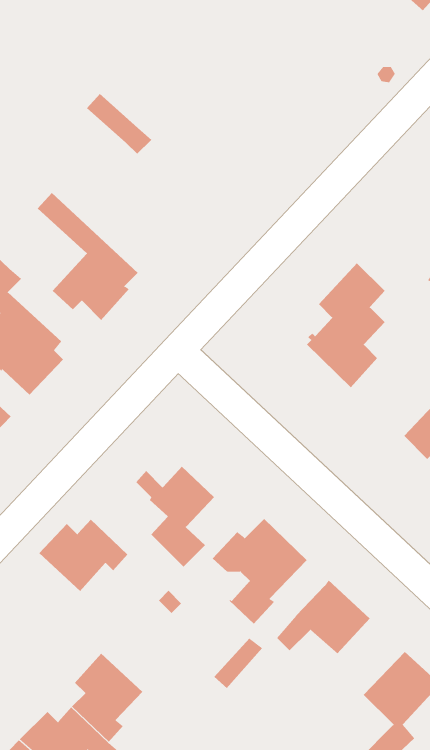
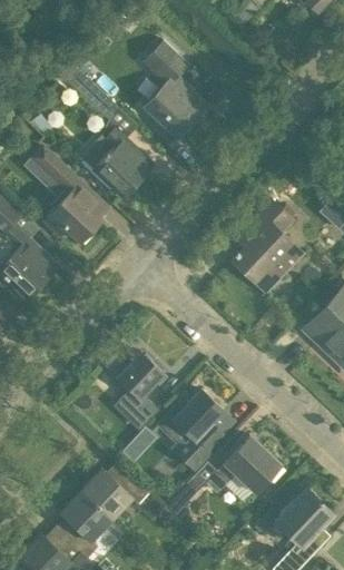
building: none -> [141,41,199,141]
building: none -> [81,129,147,198]
building: [38,519,128,592] -> [80,465,147,520]

